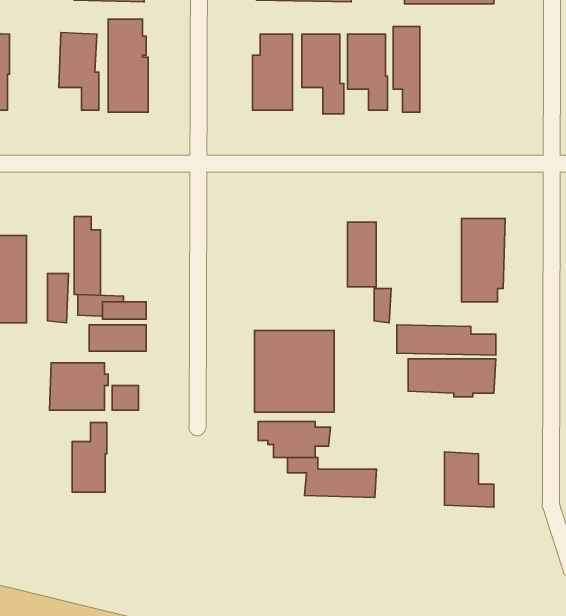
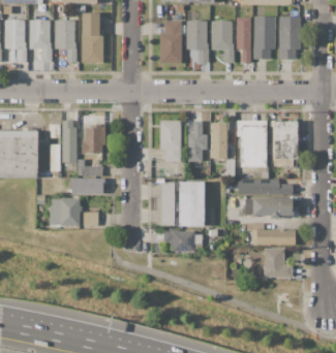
building: none -> [254,15,276,60]
building: none -> [280,17,300,59]
building: none -> [30,20,54,62]
building: none -> [160,120,181,162]
building: none -> [188,120,208,161]
building: none -> [82,124,106,153]
building: none -> [241,126,267,166]
building: [72,422,107,492] -> none
building: [287,458,377,498] -> [247,223,296,245]

